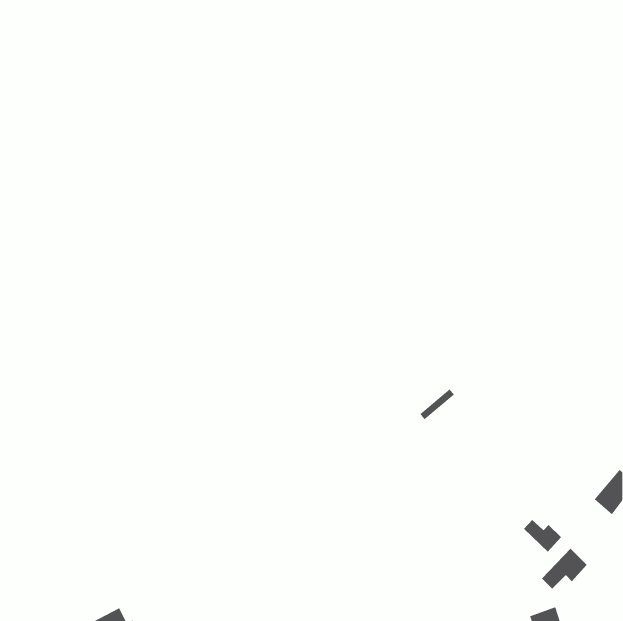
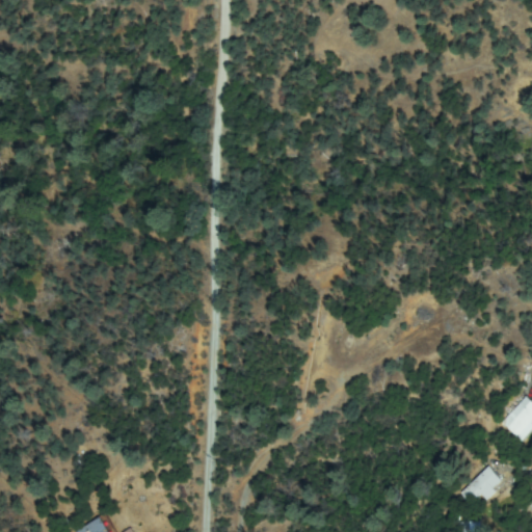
building: [523,519,562,553] -> none

